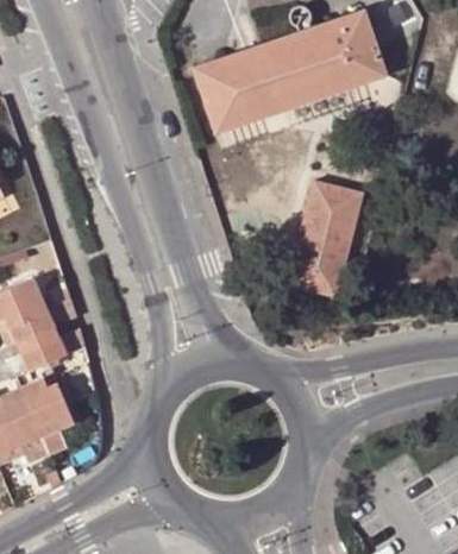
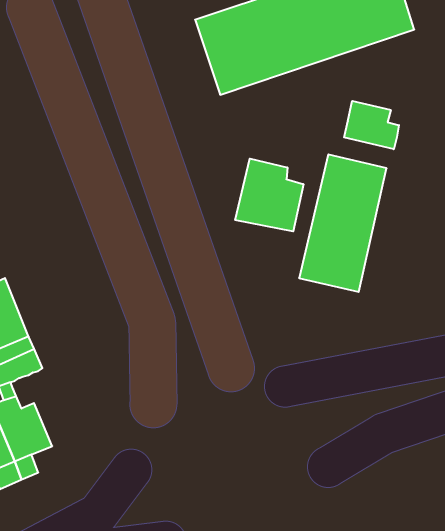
building: none -> [344,101,399,149]
building: none -> [235,159,303,231]

